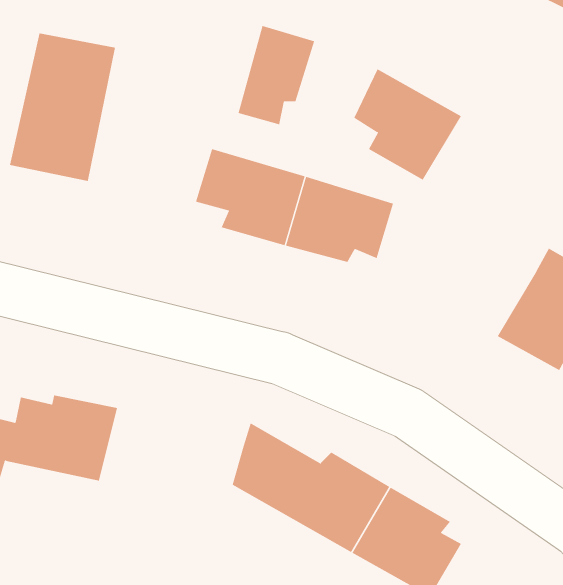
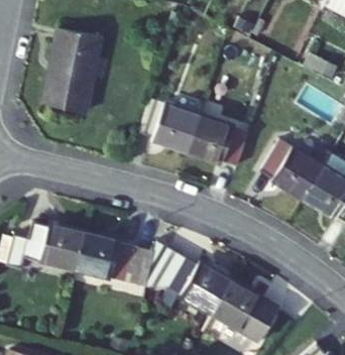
building: [238,25,315,125] -> none
building: [353,68,462,180] -> [266,139,326,201]
building: none -> [87,240,165,297]

